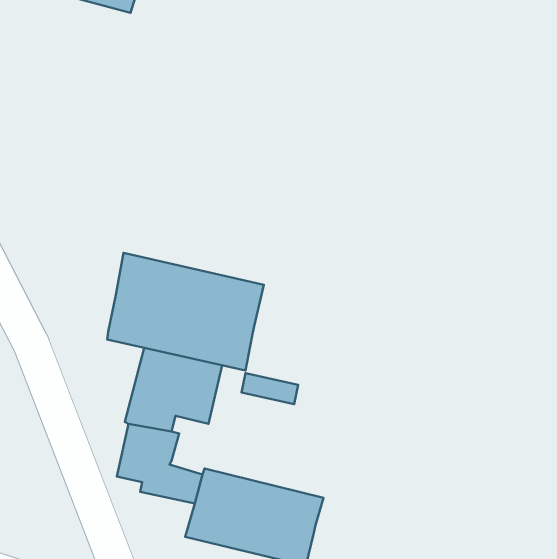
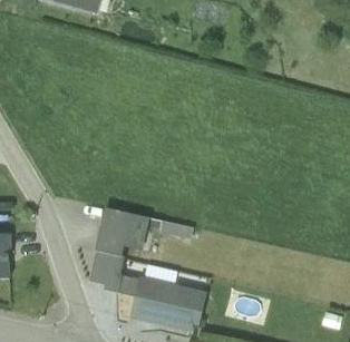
building: [107,253,264,371] -> none

